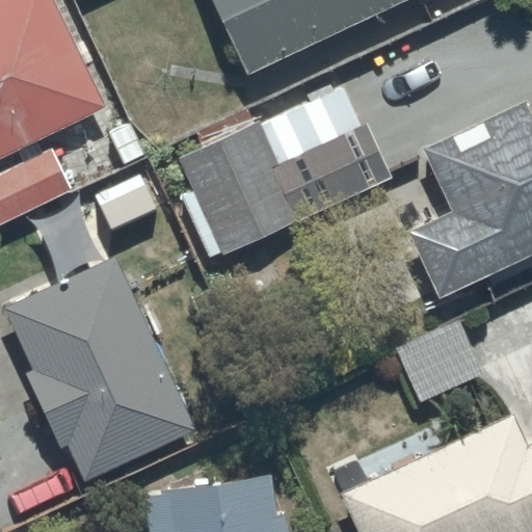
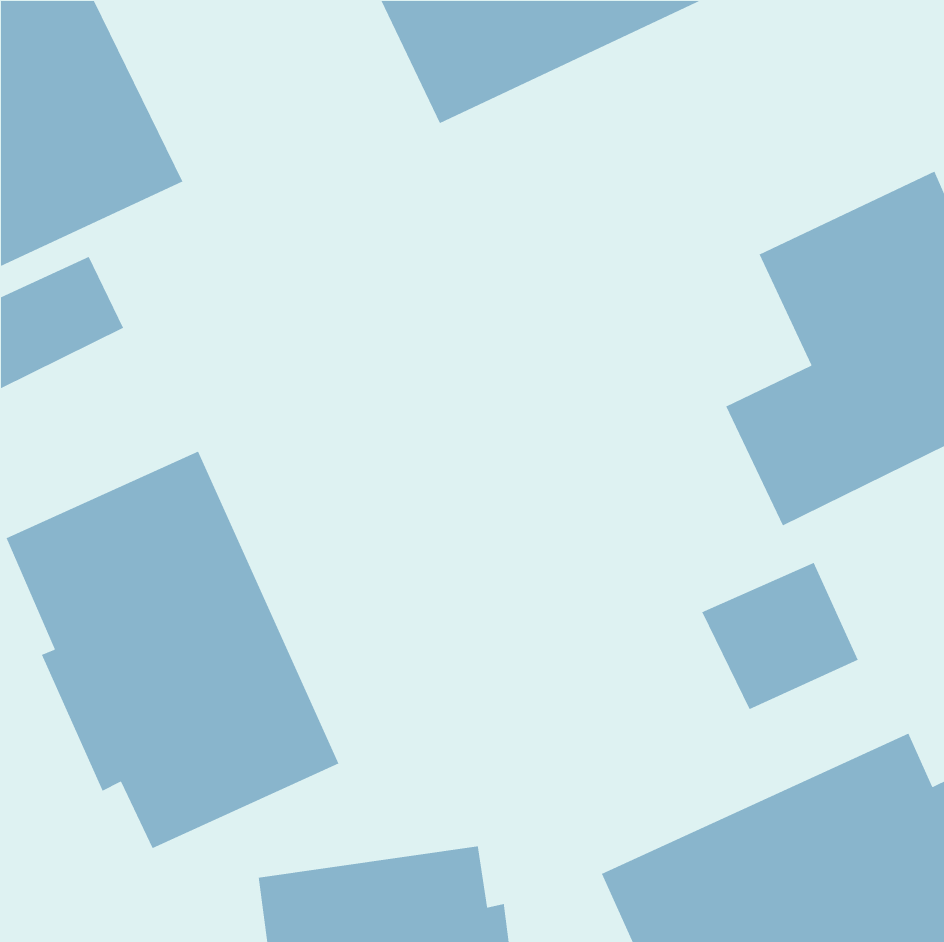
building: [179,87,394,256] -> none

